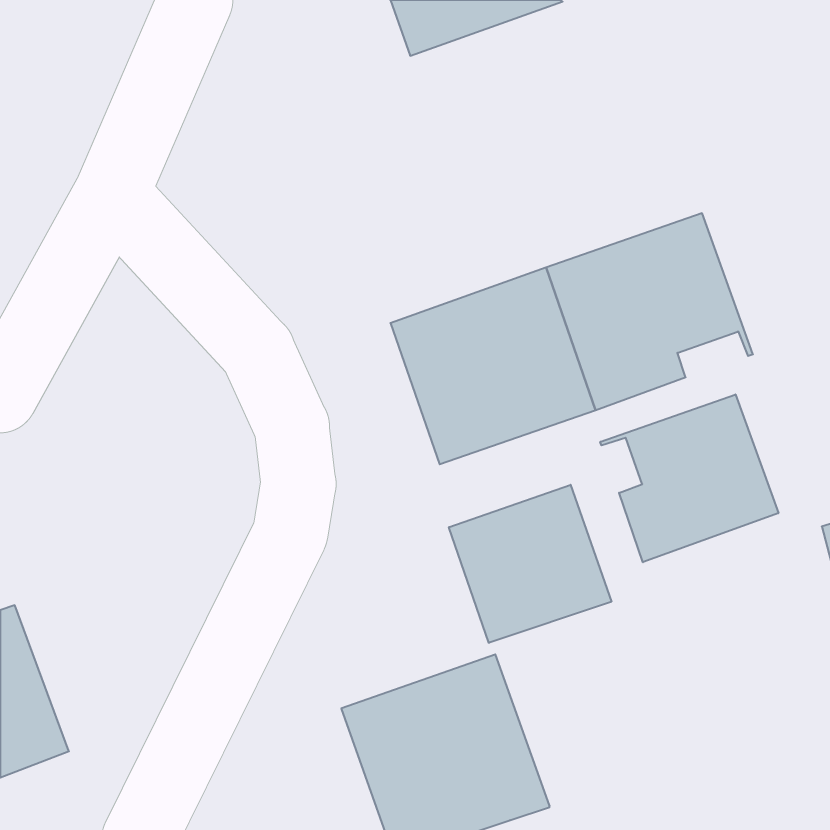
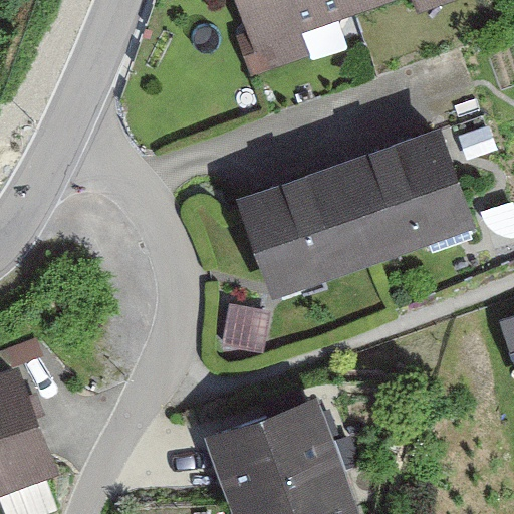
building: [600,394,778,562] -> none
building: [449,485,611,643] -> none

